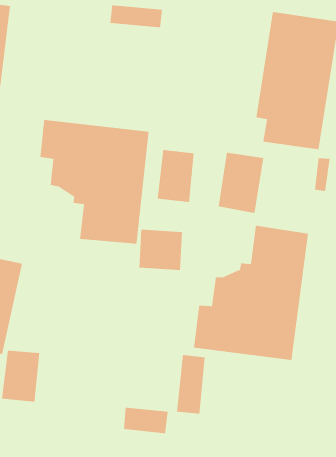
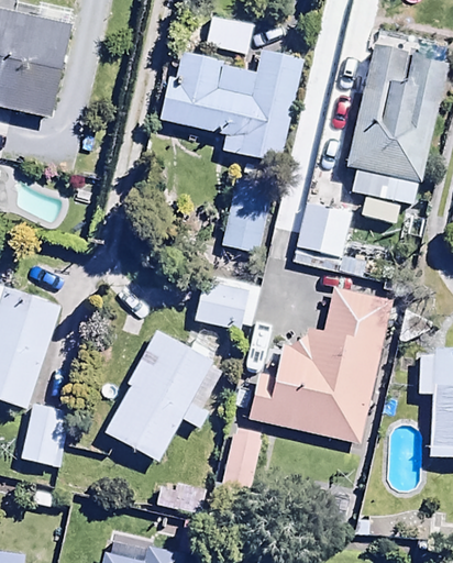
building: none -> [159,46,308,169]
building: [40,119,149,244] -> none
building: none -> [102,330,235,463]

